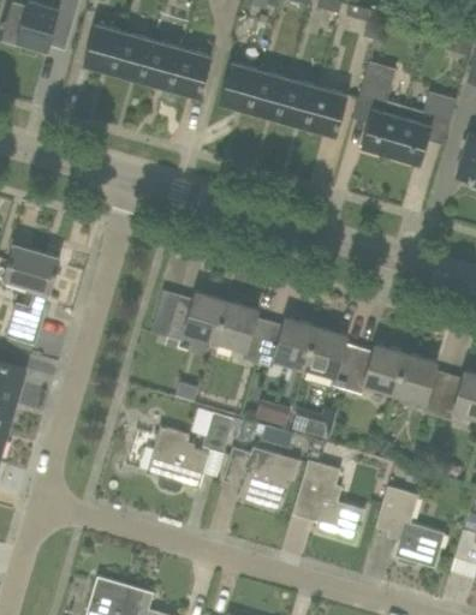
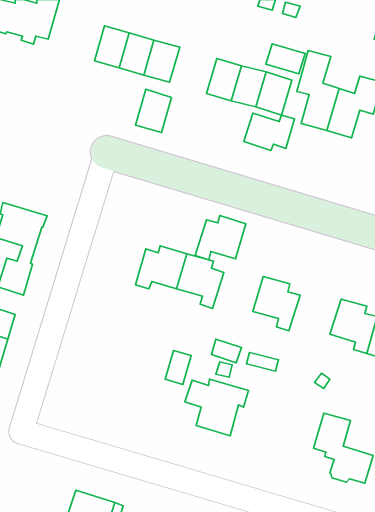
building: [89,25,131,74] -> none
building: none -> [266,44,305,74]
building: [220,62,262,113] -> [136,89,172,132]
building: none -> [244,113,294,151]
building: [257,317,316,369] -> [195,216,246,260]
building: [346,344,407,395] -> none
building: [147,428,209,492] -> none
building: [294,461,365,545] -> none

